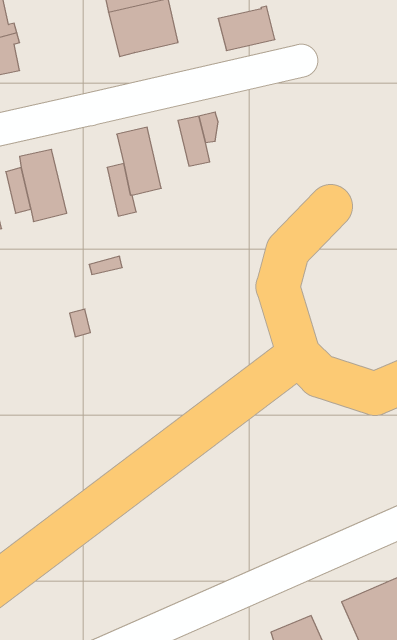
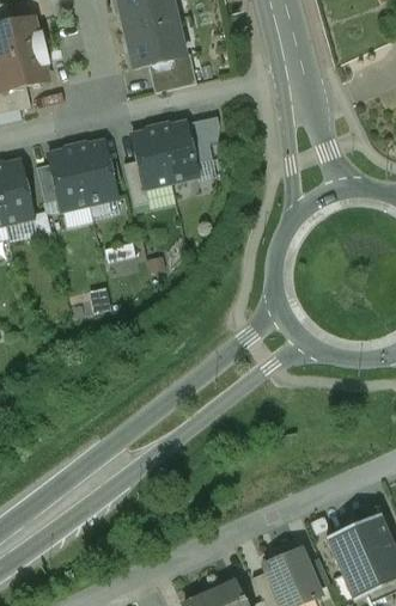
building: [218,6,275,51] -> [147,53,196,91]
building: none -> [158,121,197,180]
building: none -> [75,140,116,202]

